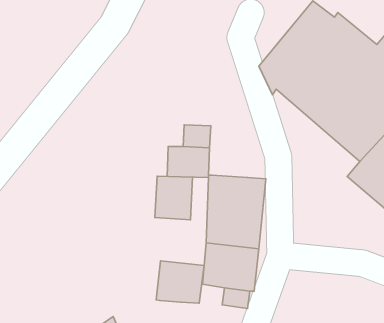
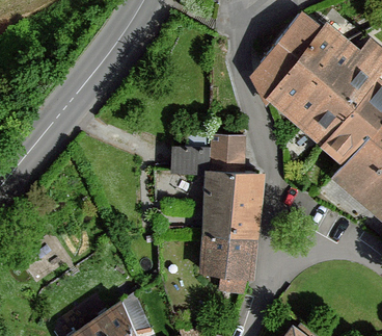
building: [155,176,193,220] -> [211,137,245,177]
building: [156,261,204,303] -> none

